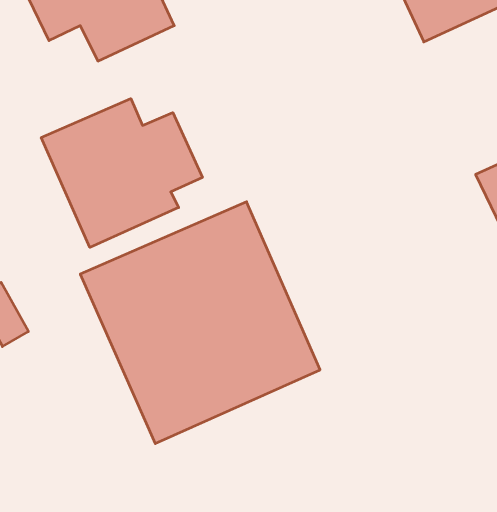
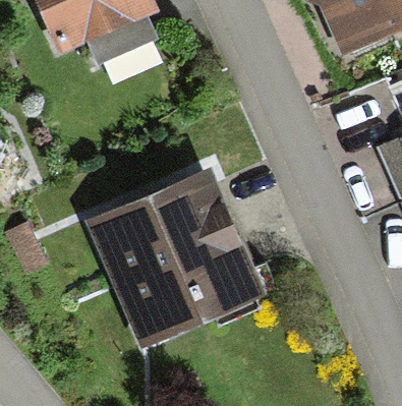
building: [41,99,202,247] -> none

